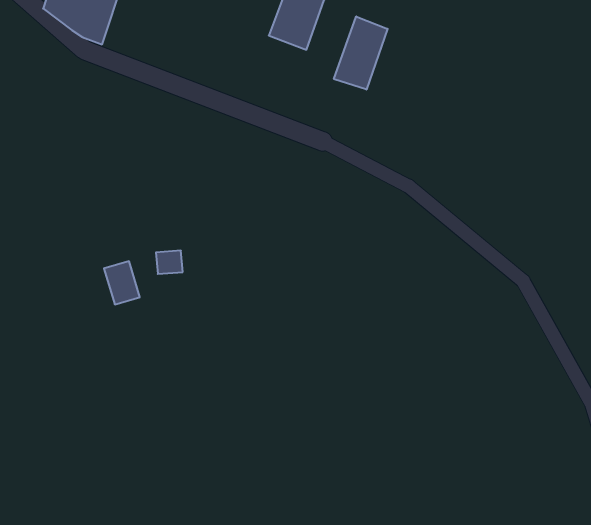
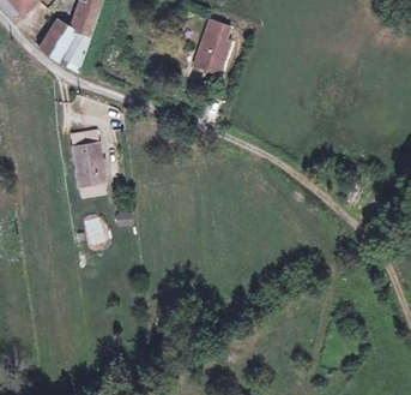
building: [334,16,388,90] -> none
building: none -> [69,125,103,179]

